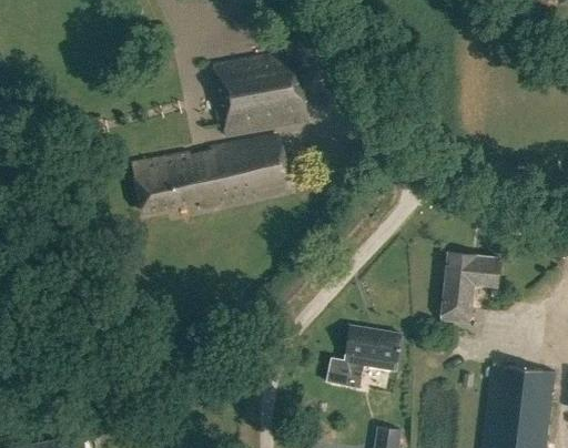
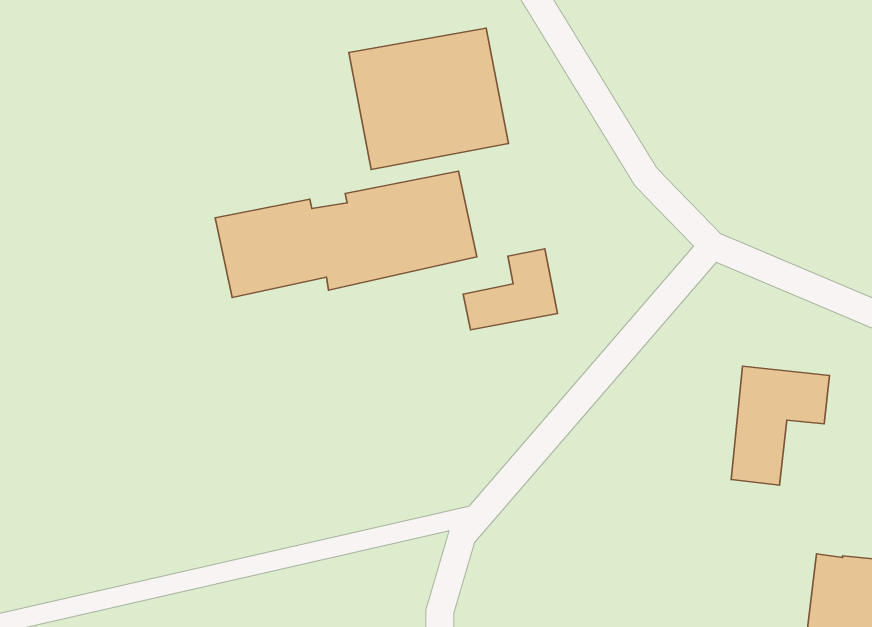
building: none -> [463,249,558,330]
building: [326,325,403,387] -> none

